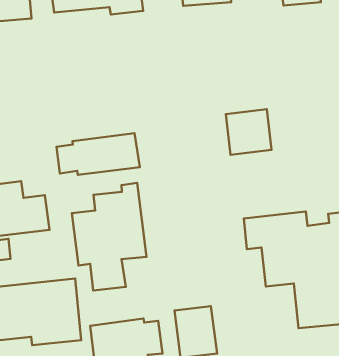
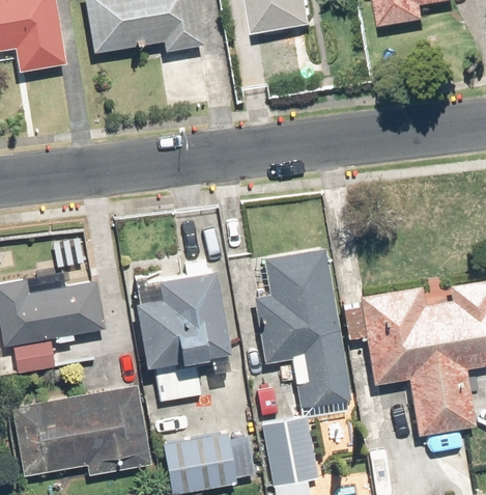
building: [226,109,272,155] -> none
building: [57,133,140,175] -> none
building: none -> [254,243,355,409]

